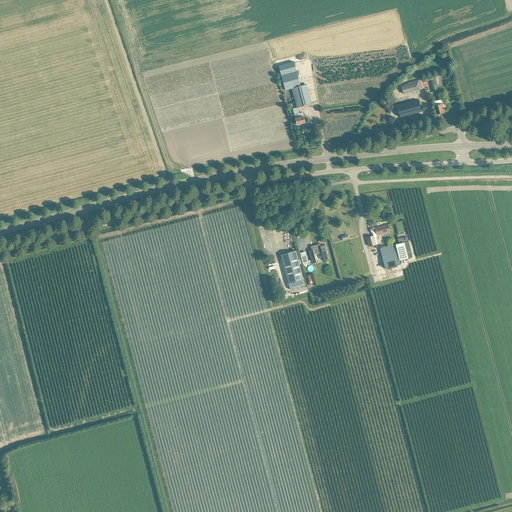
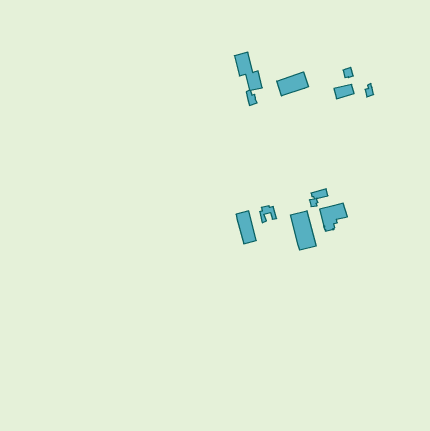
building: none -> [277,72,308,96]
building: none -> [291,211,316,250]

